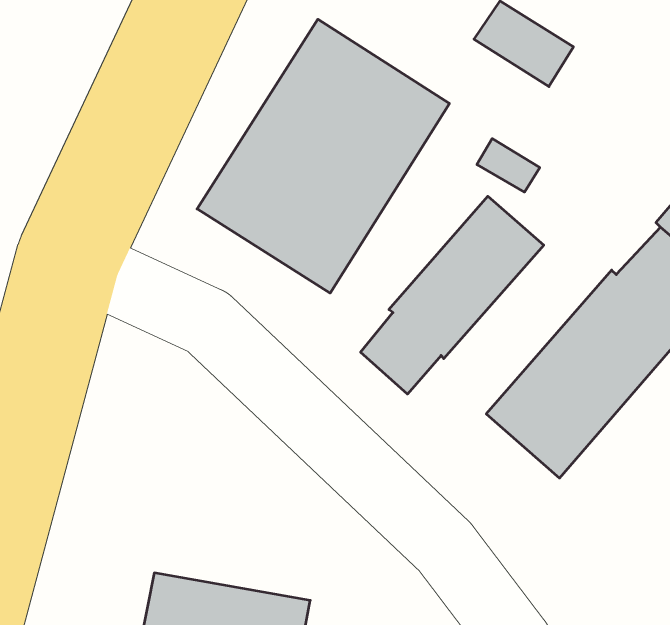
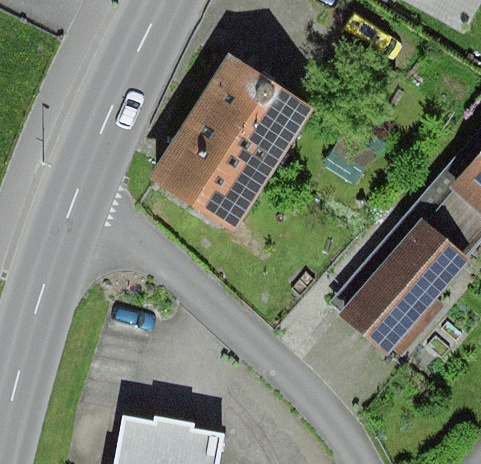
building: [361,196,544,394] -> none

